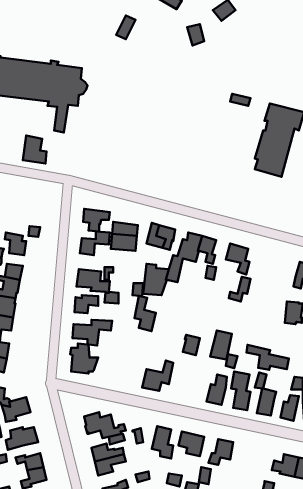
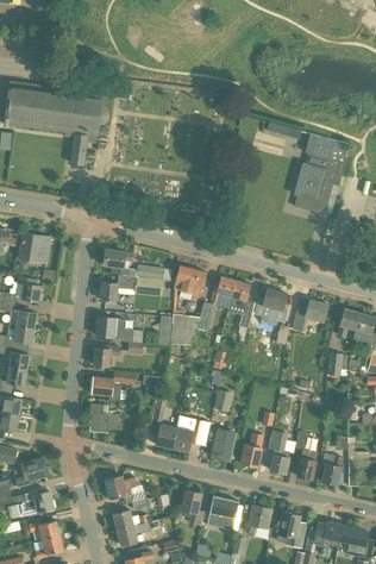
building: [23,136,47,163] -> [20,232,46,263]
building: none -> [292,300,327,332]
building: [134,296,156,331] -> [150,408,174,447]
building: [210,331,232,360] -> [211,428,234,460]
building: [247,345,289,370] -> none
building: none -> [277,510,306,549]

